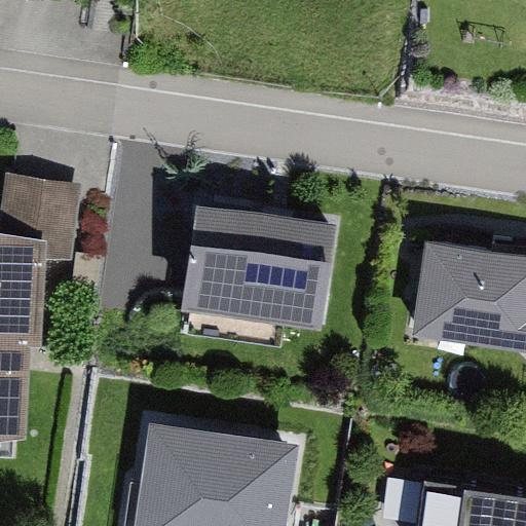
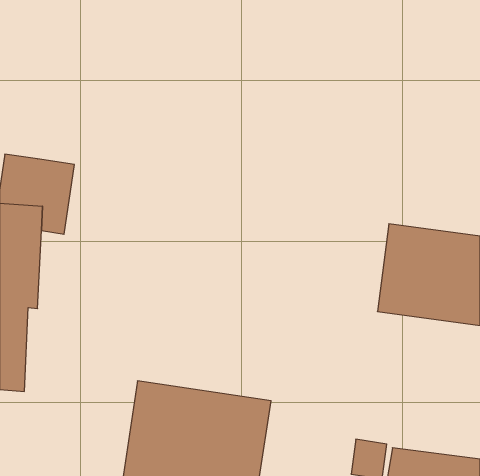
building: [180,196,337,324] -> none

